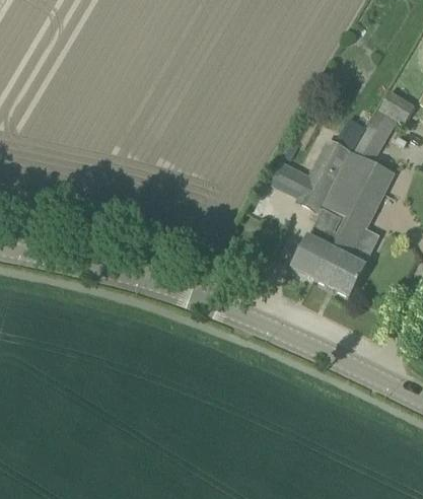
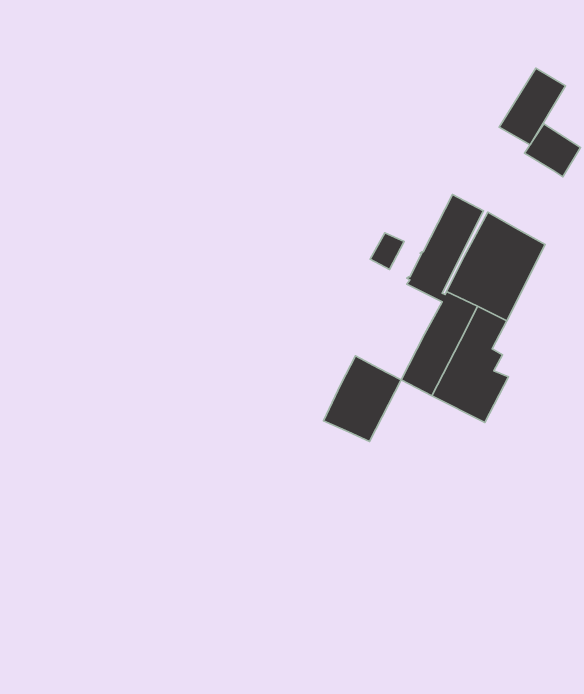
building: [352,110,398,162] -> [499,68,565,145]
building: none -> [323,356,401,441]

